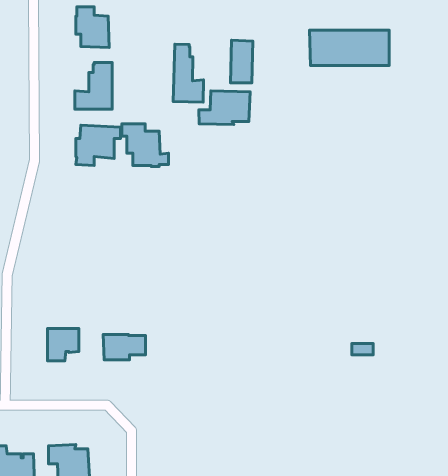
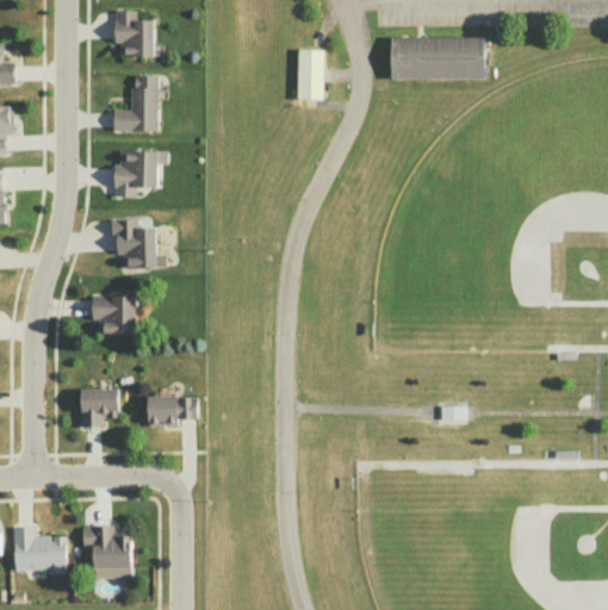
building: [173,44,204,102] -> none
building: [199,91,250,125] -> none
building: [122,124,168,166] -> [111,219,166,269]
building: none -> [92,295,135,334]

